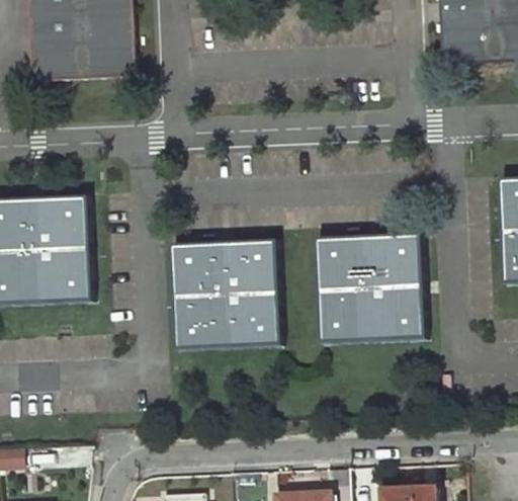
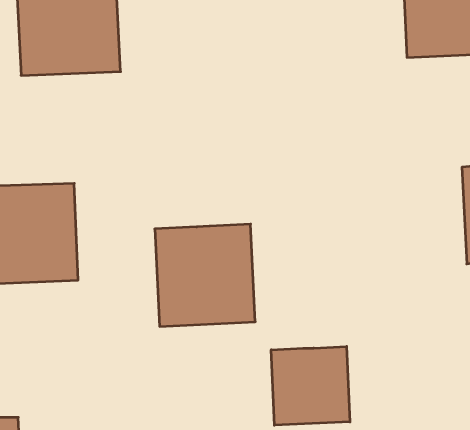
building: [316,234,424,342] -> none
building: none -> [271,346,350,425]

